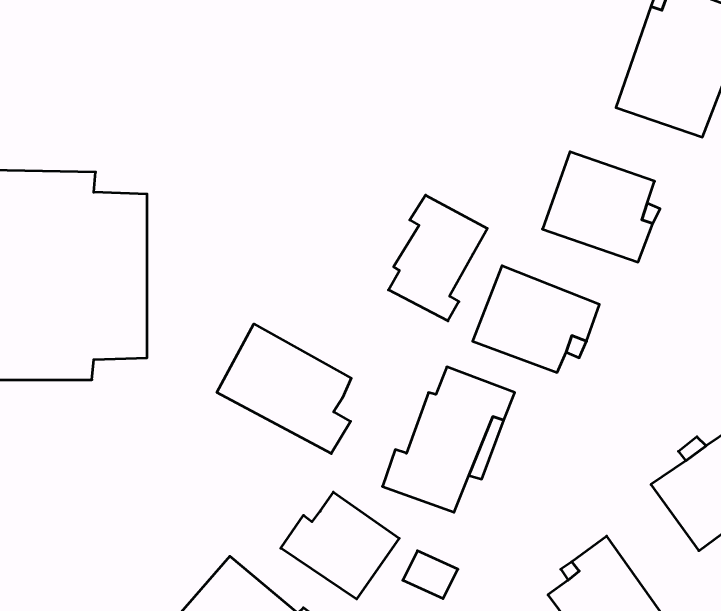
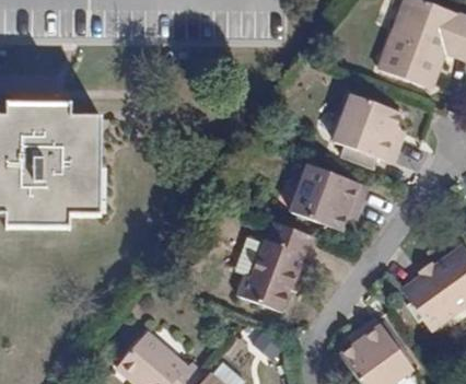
building: [388,195,487,321] -> none
building: [217,324,351,454] -> none
building: [281,492,399,599] -> none

